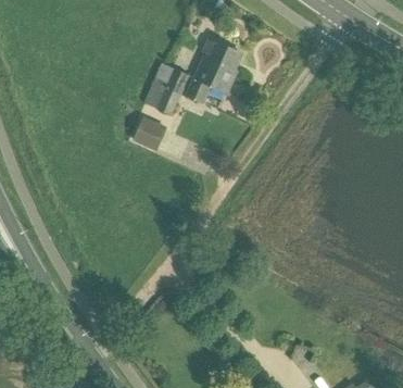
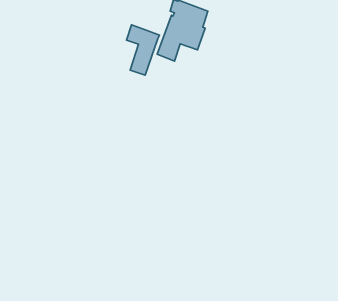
building: [133,117,167,152] -> none

